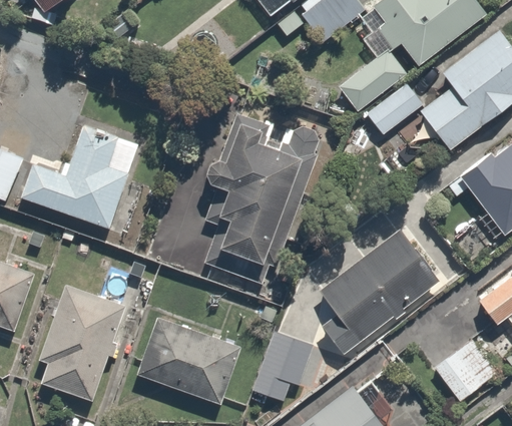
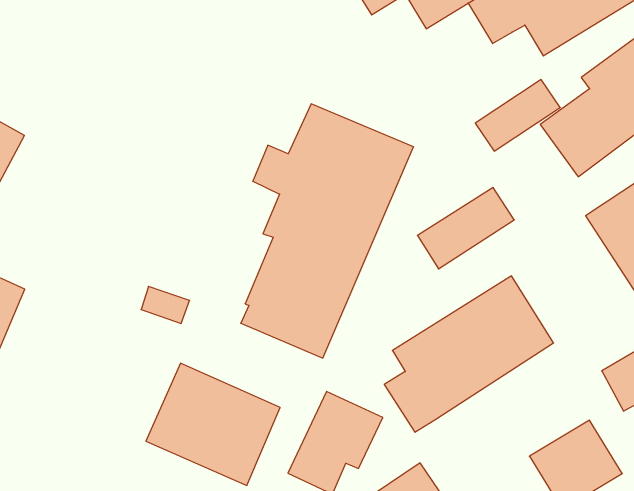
building: [337,47,409,112] -> [417,187,514,269]
building: [19,124,140,231] -> none
building: [37,285,129,400] -> none

